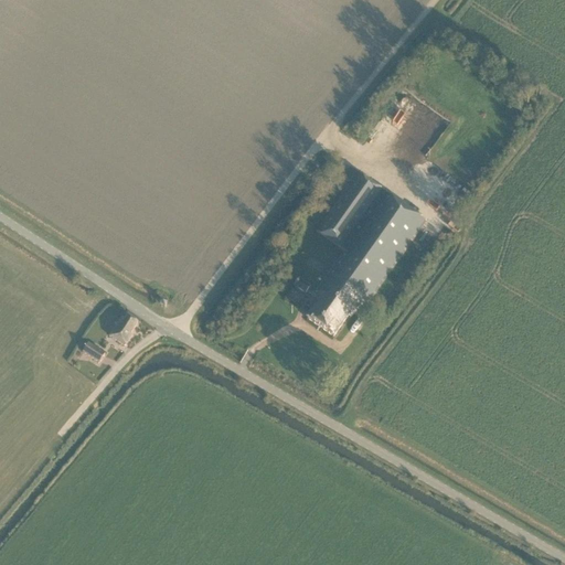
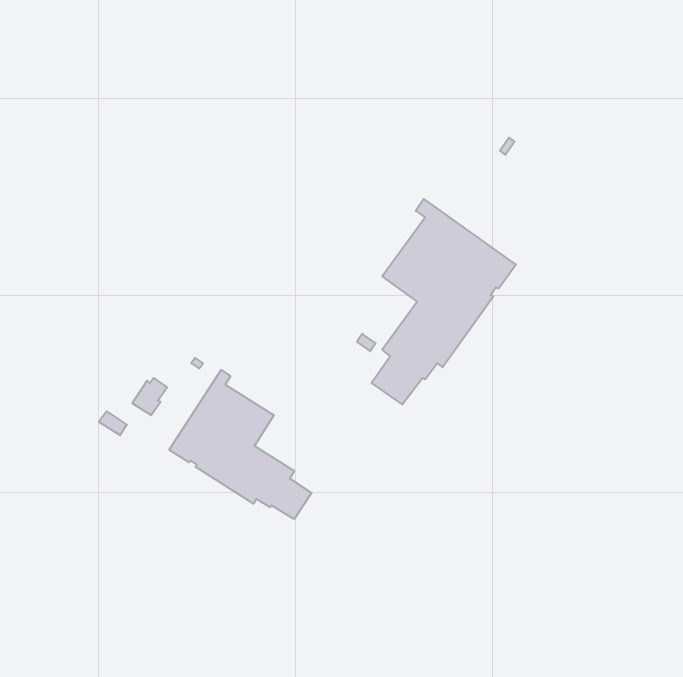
building: none -> [169,370,311,519]

